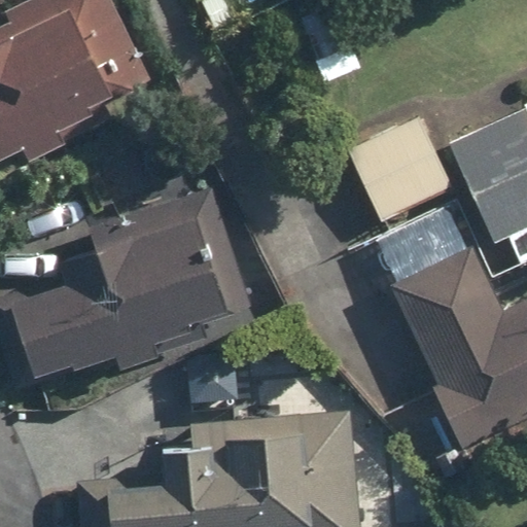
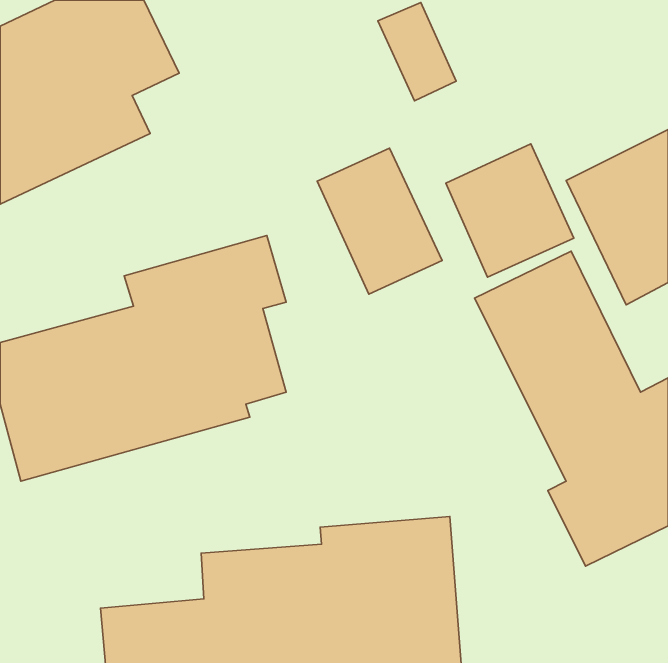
building: none -> [317,148,442,294]

